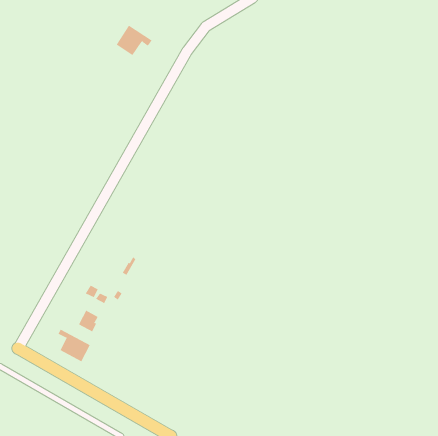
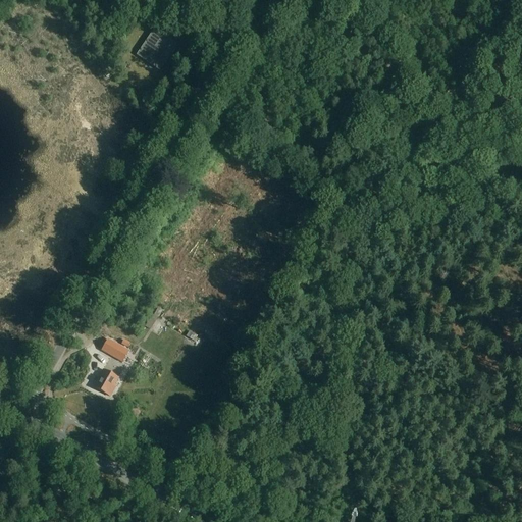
building: [58,329,90,362] -> none

